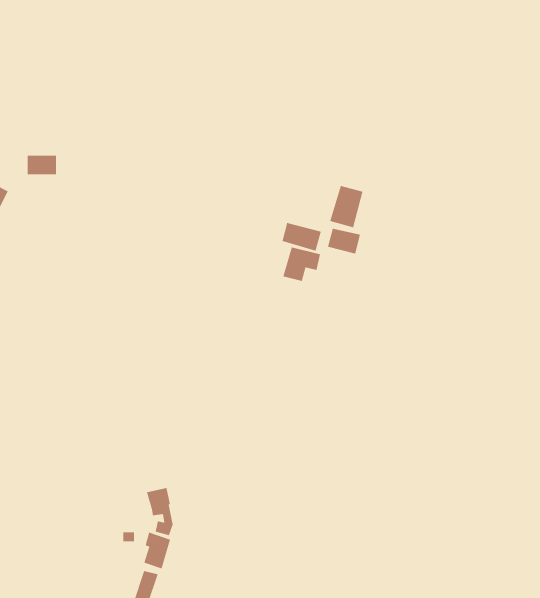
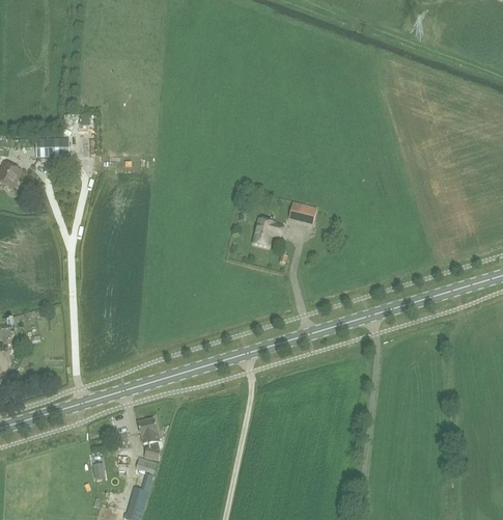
building: [329,185,363,228] -> none
building: [282,222,322,252] -> none

